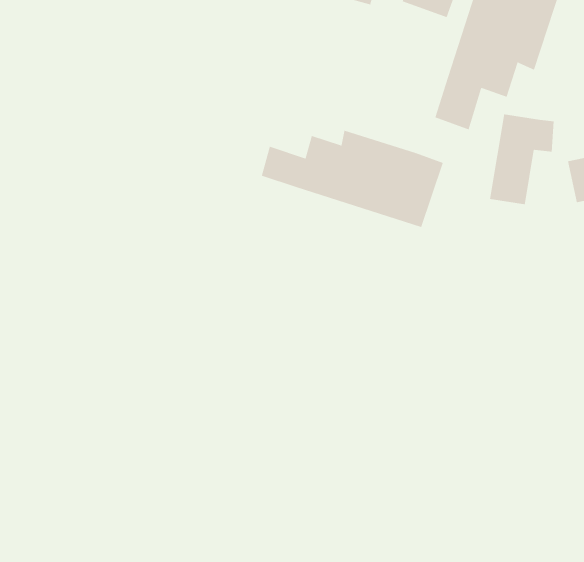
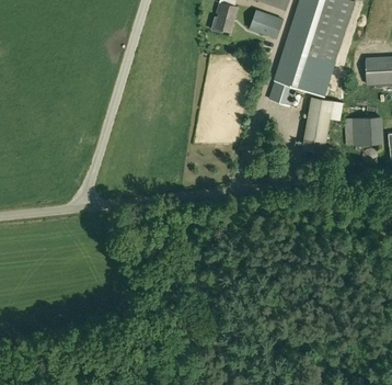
building: [261,130,443,228] -> none

